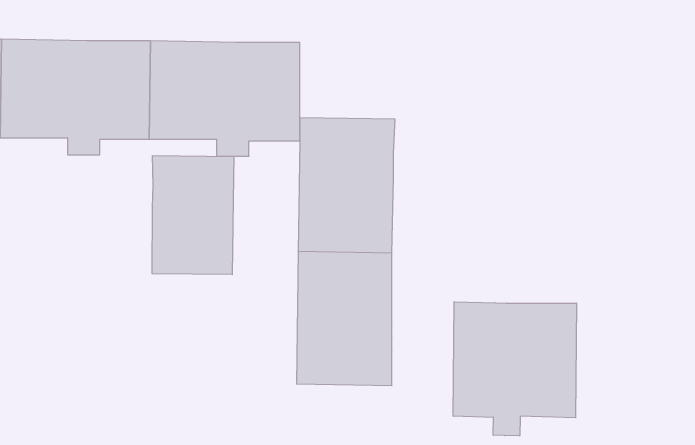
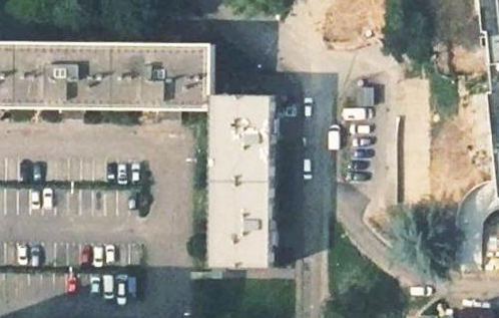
building: [152,156,234,275] -> none
building: [453,302,577,436] -> none

